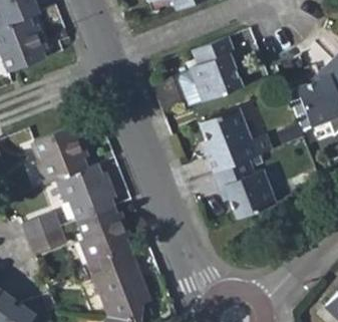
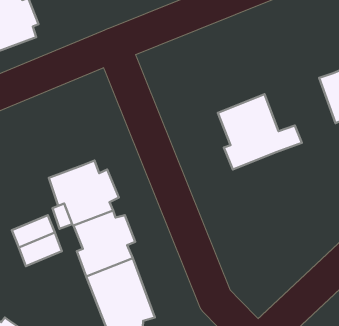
building: [180,35,244,105] -> none
building: [33,124,85,183] -> none
building: [215,155,278,214] -> none

